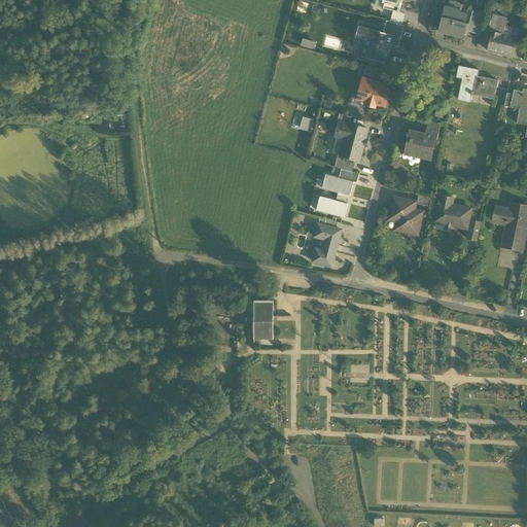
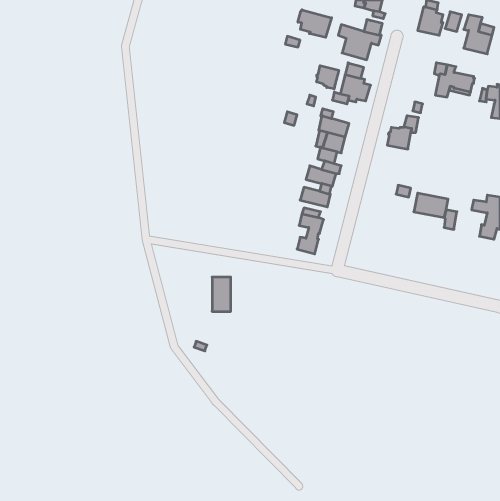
building: none -> [298,10,332,37]
building: none -> [317,66,339,89]
building: [389,199,421,234] -> none
building: [253,301,273,337] -> [212,277,231,311]

